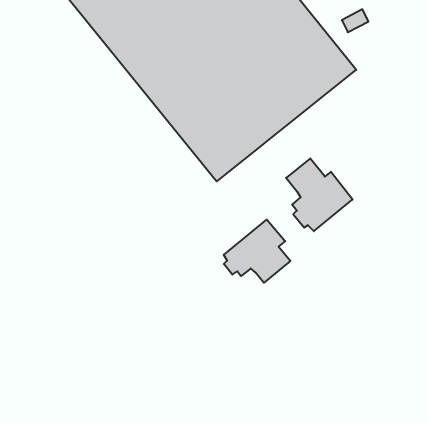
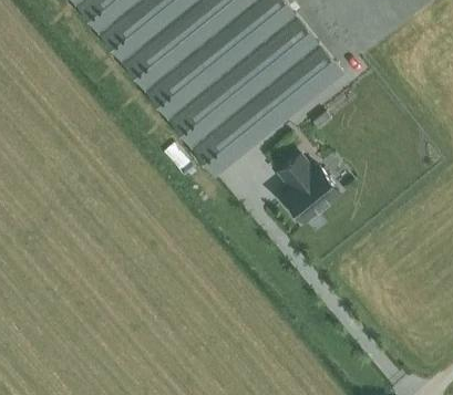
building: [224,220,290,283] -> none

